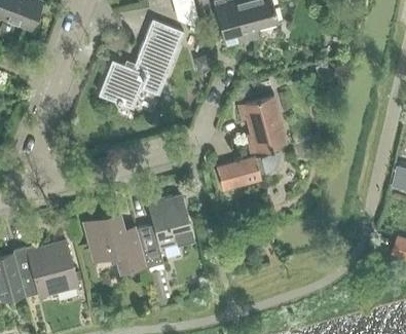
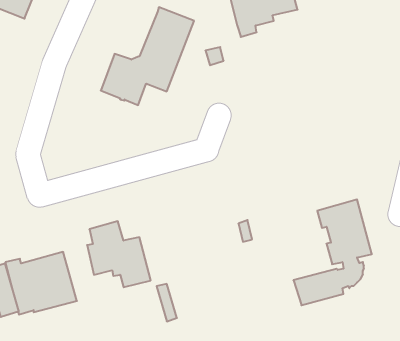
building: [215,95,286,190] -> [293,199,372,305]
building: [136,195,193,268] -> none

